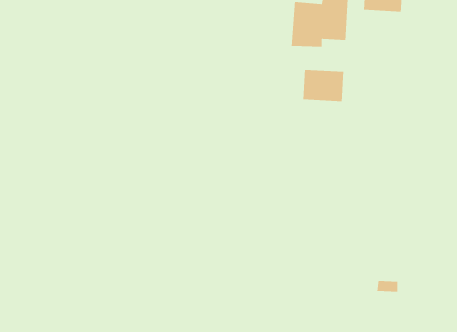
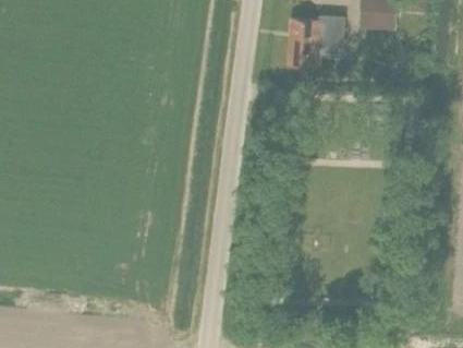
building: [303,69,344,102] -> none

